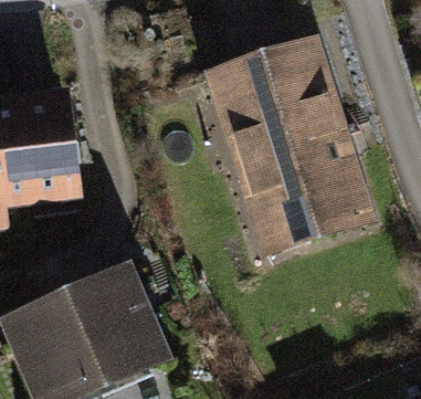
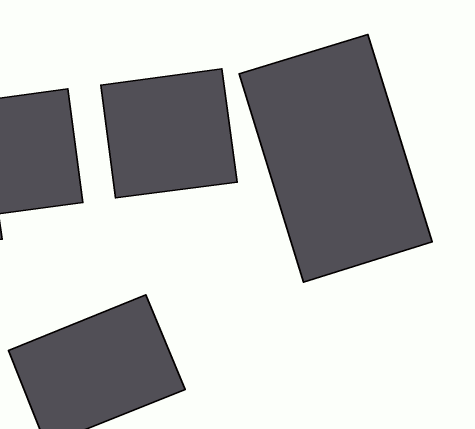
building: none -> [101,69,237,198]

